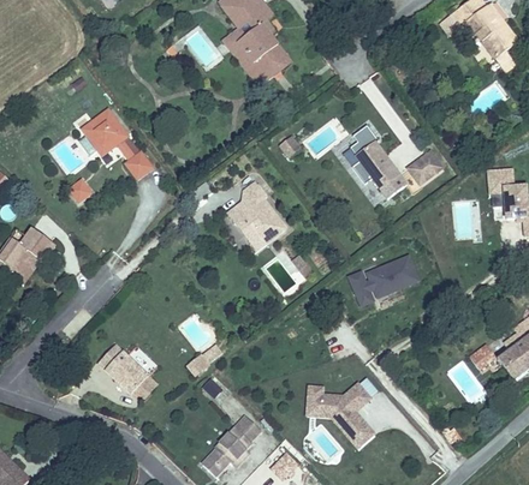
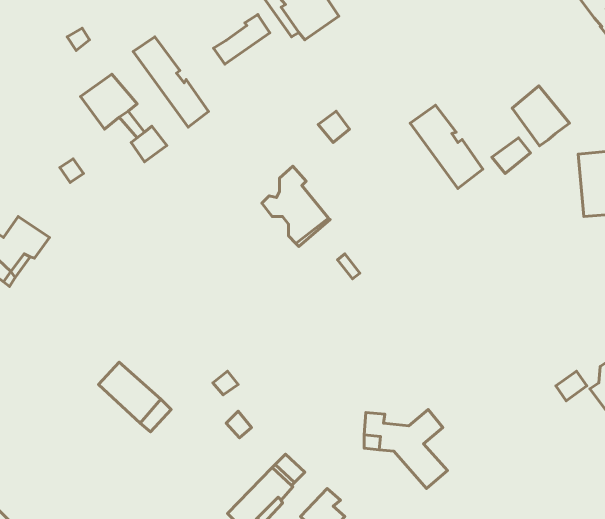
building: none -> [213,15,270,64]
building: none -> [133,37,208,127]
building: none -> [512,86,569,146]
building: [347,259,415,311] -> none

